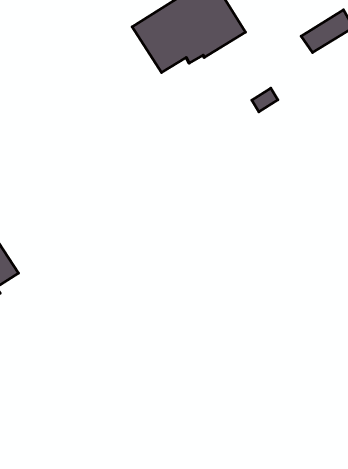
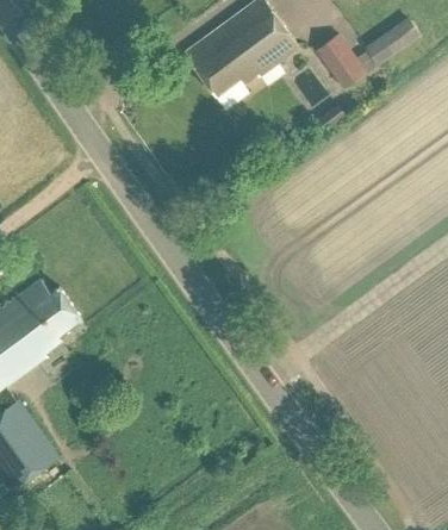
building: none -> [315,33,366,89]

